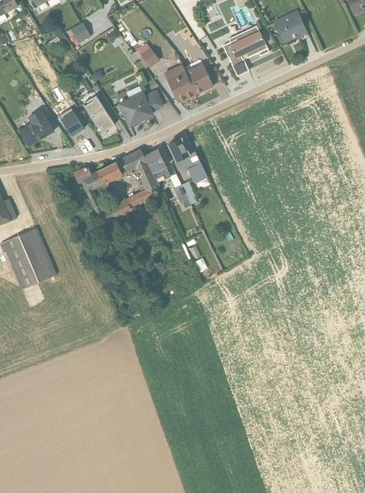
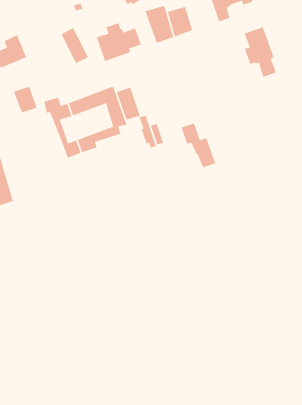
building: none -> [244,26,277,78]
building: [60,105,86,133] -> [13,86,37,113]
building: [168,138,207,182] -> [181,123,216,168]

